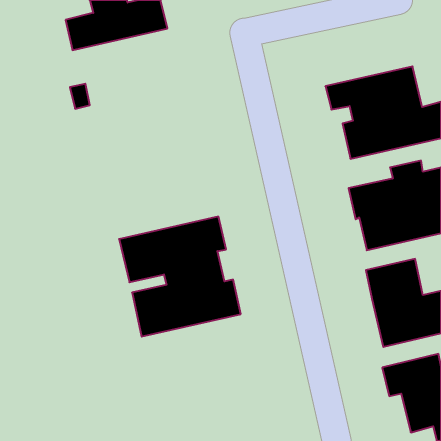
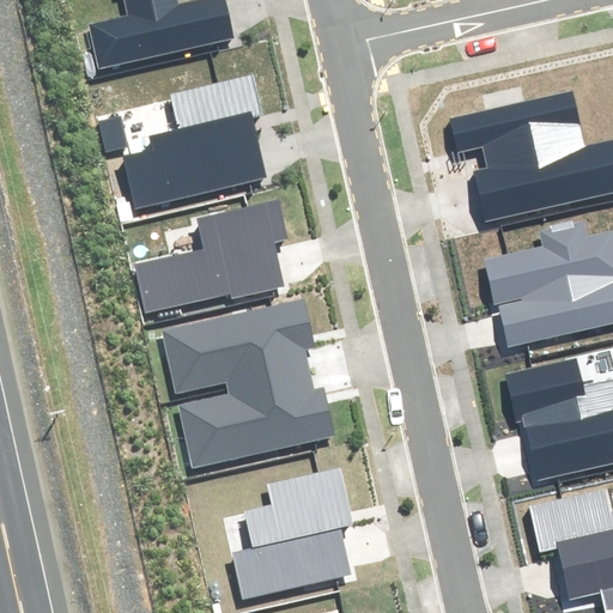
building: none -> [125,78,273,207]
building: none -> [136,201,286,310]
building: none -> [232,471,351,596]

